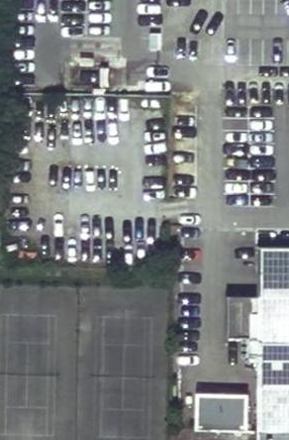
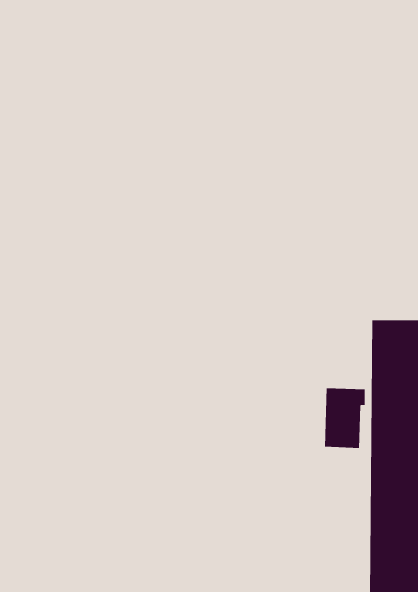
building: [195,391,248,428] -> none

